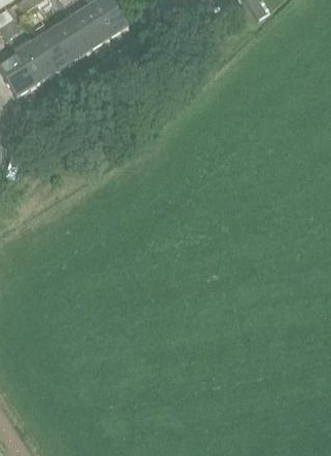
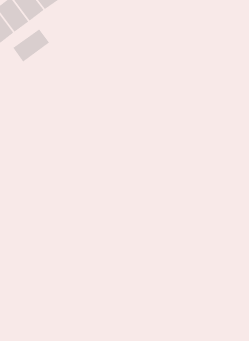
building: none -> [13,29,50,63]

